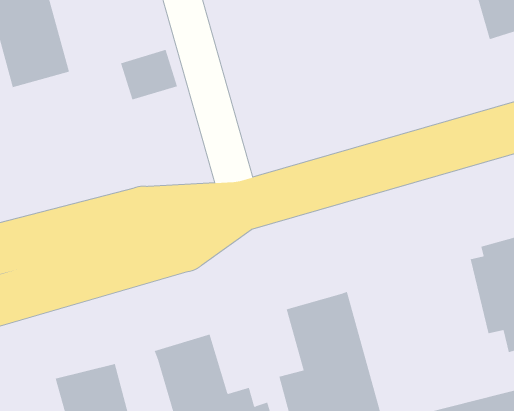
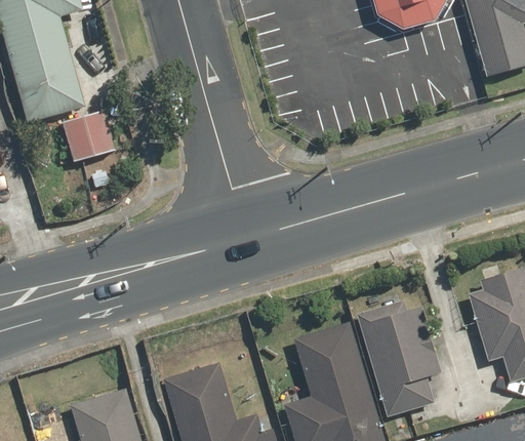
building: [120,49,178,100] -> [60,116,116,165]
building: none -> [359,308,439,415]

